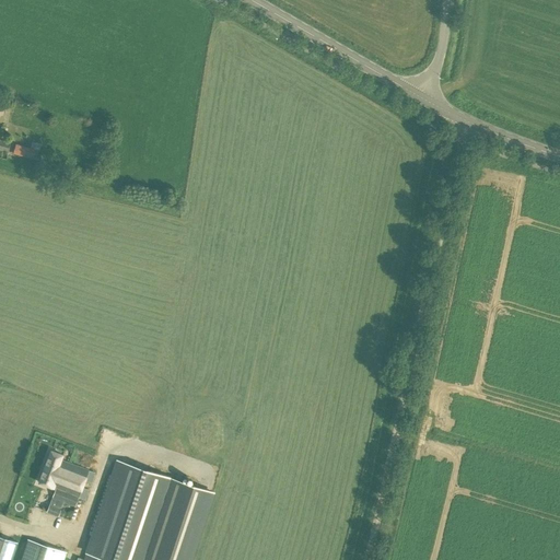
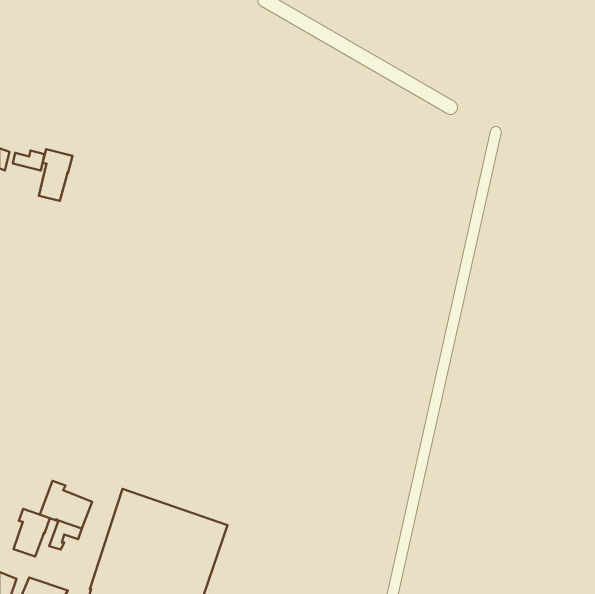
building: none -> [39,149,73,201]
building: none -> [14,509,50,556]

